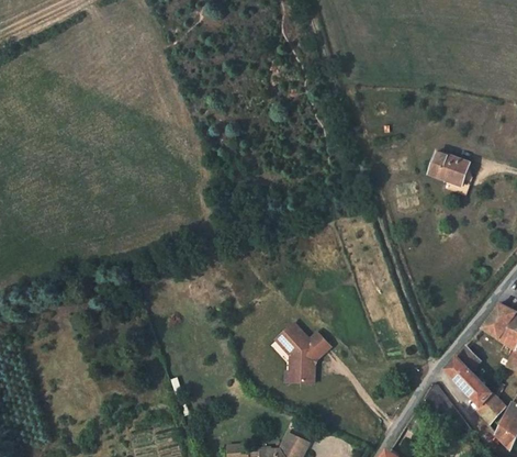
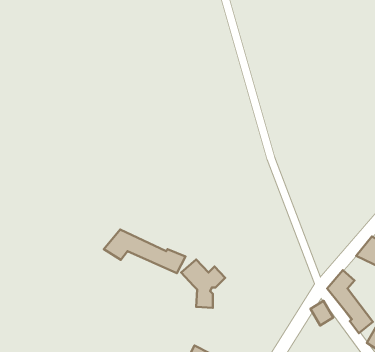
building: [430,154,469,189] -> none
building: none -> [104,230,186,273]

